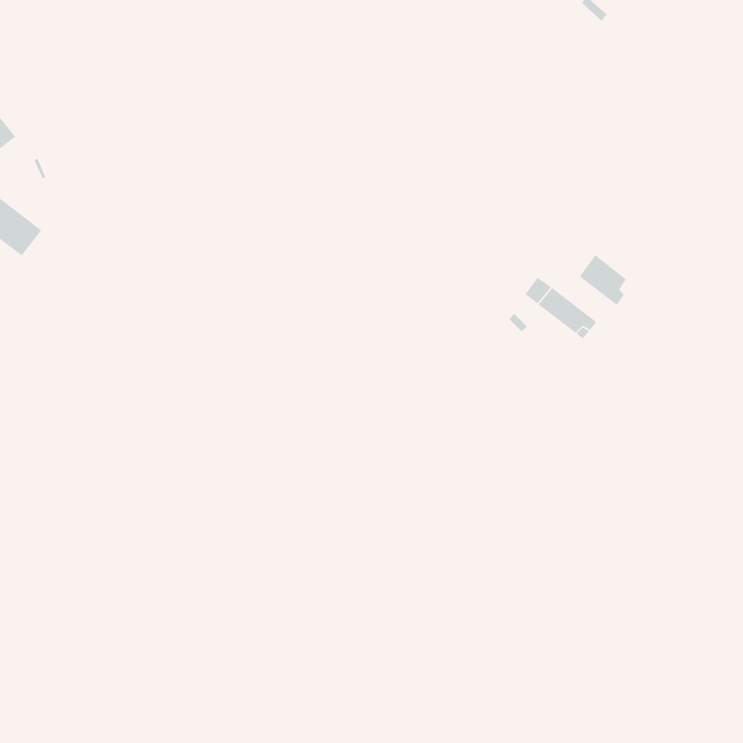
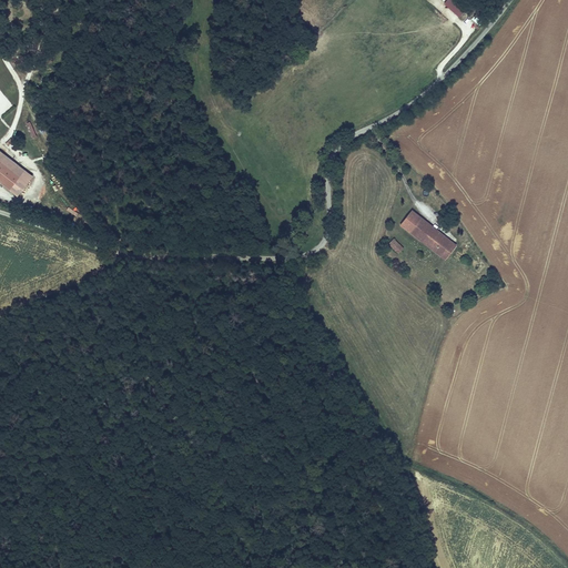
building: [579,254,627,306] -> none

